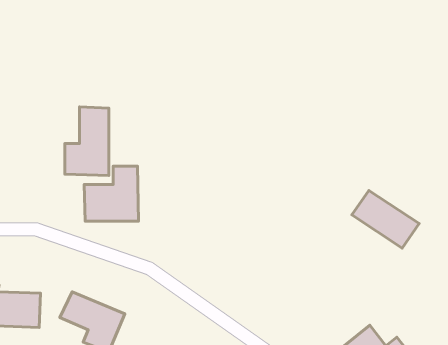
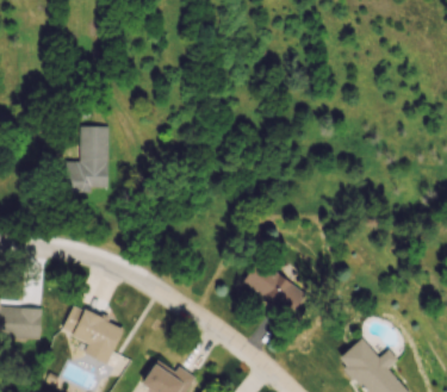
building: [84,166,138,221] -> none
building: [352,190,419,248] -> [241,262,306,318]

